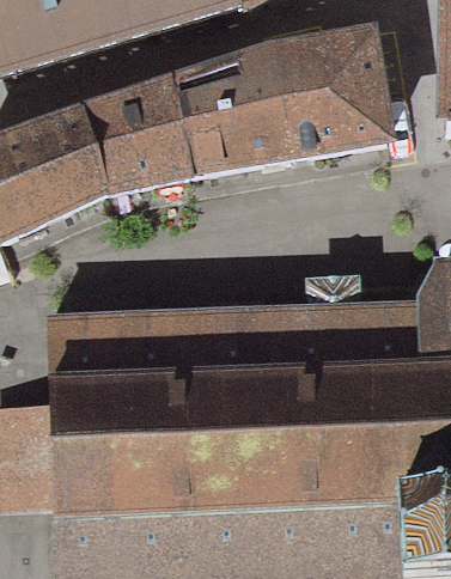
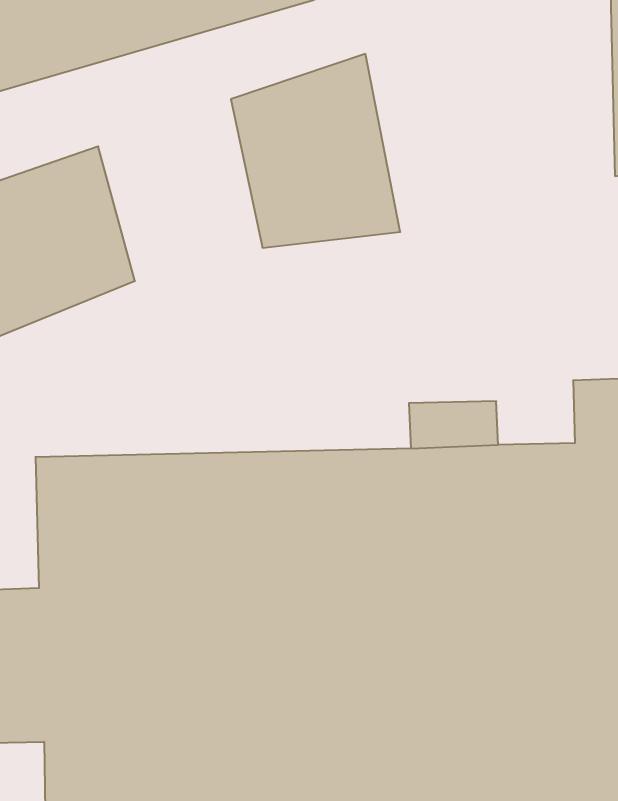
building: [272,24,400,160] -> none
building: [89,69,201,194] -> none

